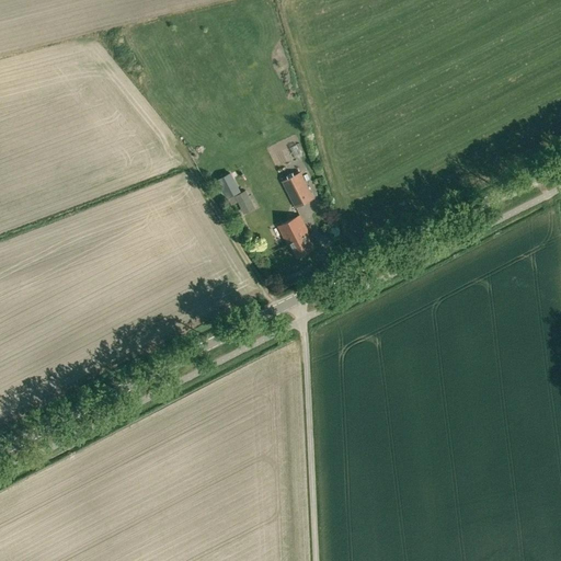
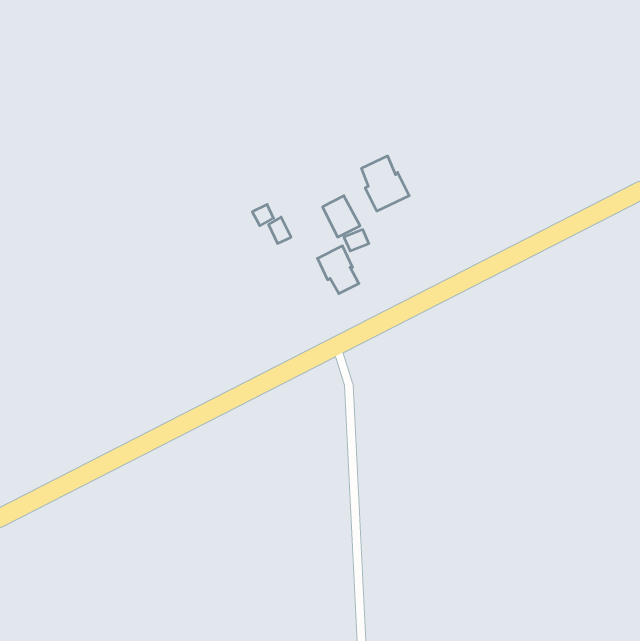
building: none -> [362,156,409,211]

